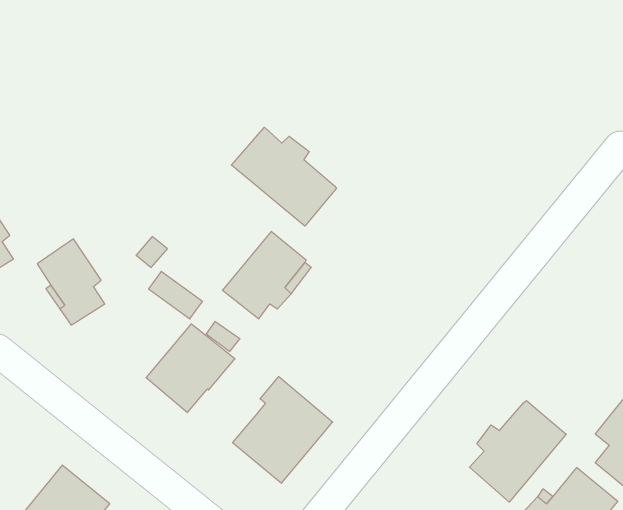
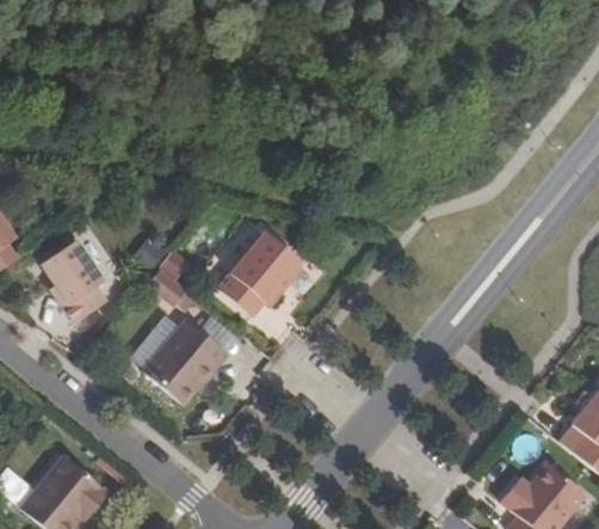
building: [231,127,336,226] -> none
building: [233,377,333,483] -> none
building: [469,401,566,502] -> none

